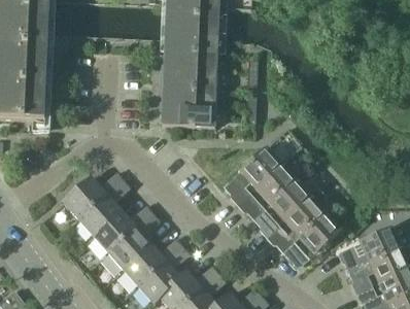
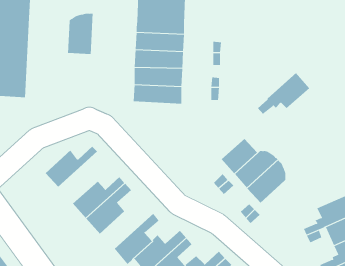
building: none -> [67,13,93,55]
building: [224,147,281,194] -> [257,72,310,115]
building: [78,179,129,236] -> none
building: [299,213,341,253] -> none
building: [124,239,182,285] -> none

